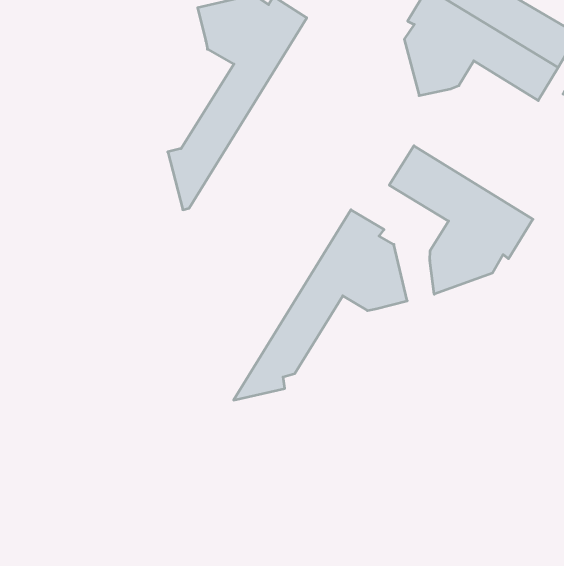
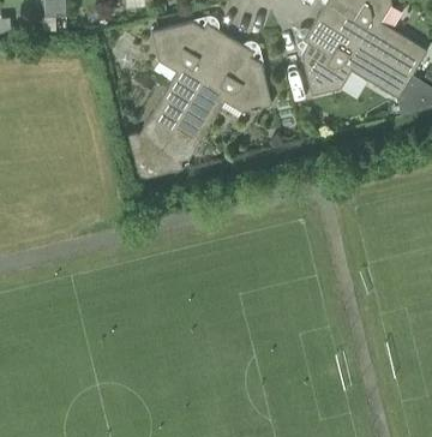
building: [389,146,533,294] -> none
building: [234,210,407,400] -> [144,38,270,176]

